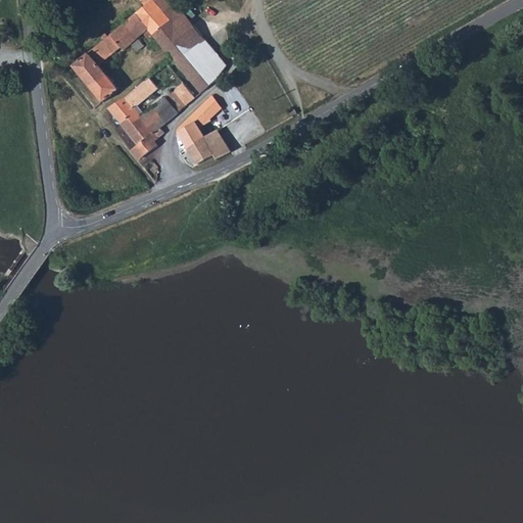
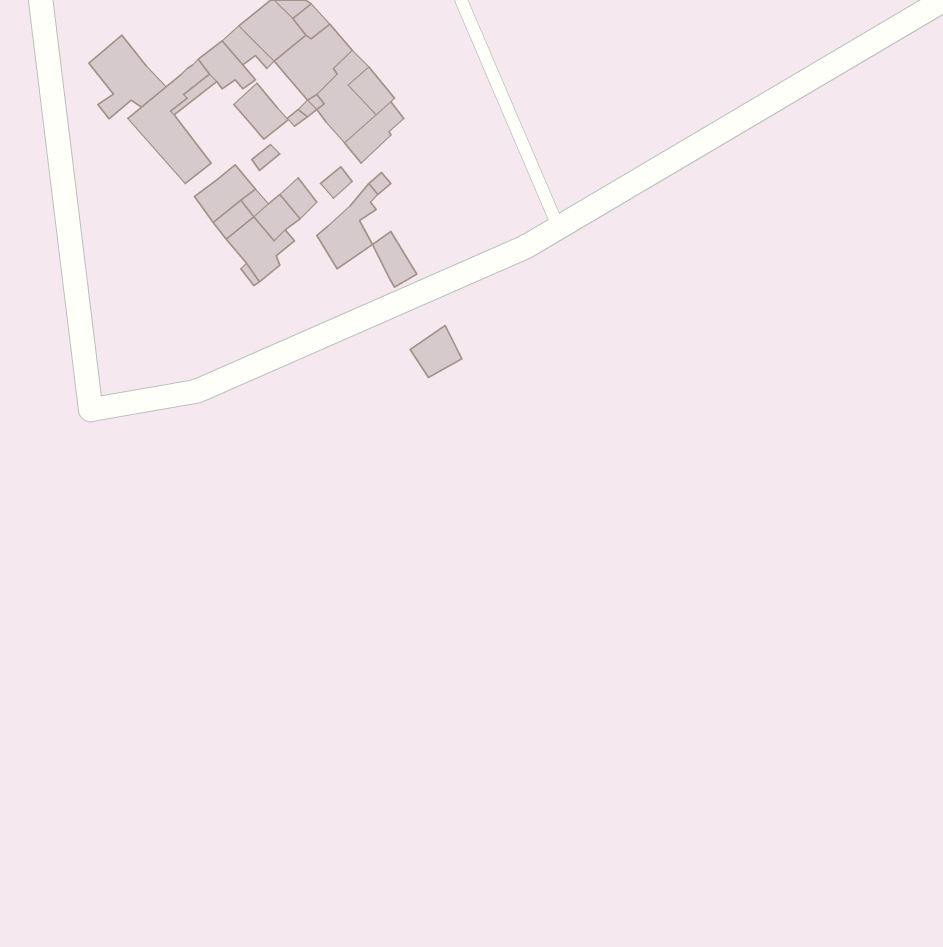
building: none -> [89,35,166,119]
building: none -> [234,83,288,139]
building: [186,135,215,163] -> [410,326,462,377]

